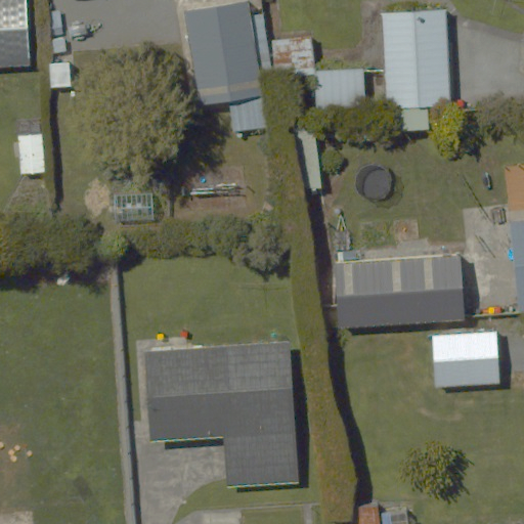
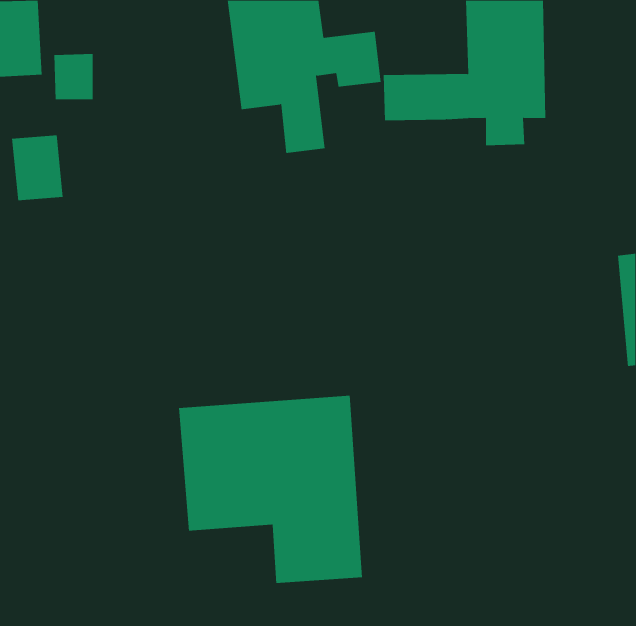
building: [332,252,462,330] -> none
building: [427,328,504,387] -> none

